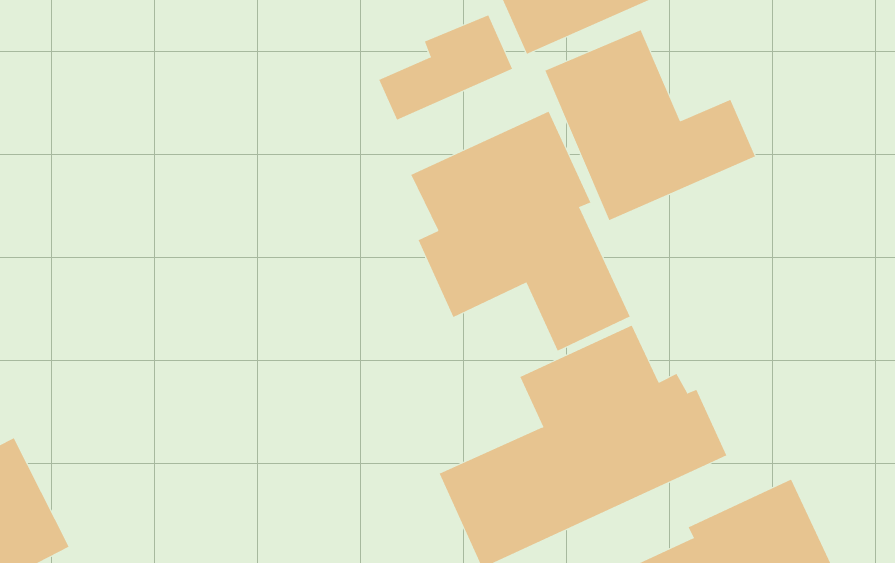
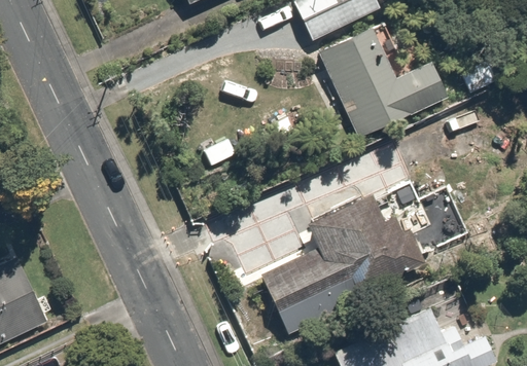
building: [379,14,513,121] -> none
building: [411,111,630,351] -> none

